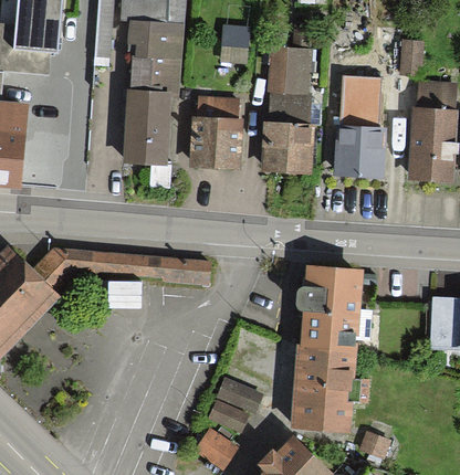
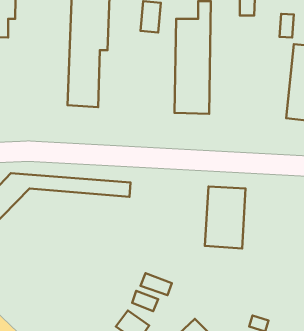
building: [341,62,383,178] -> none
building: [196,97,239,166] -> none
building: [293,344,351,425] -> none

